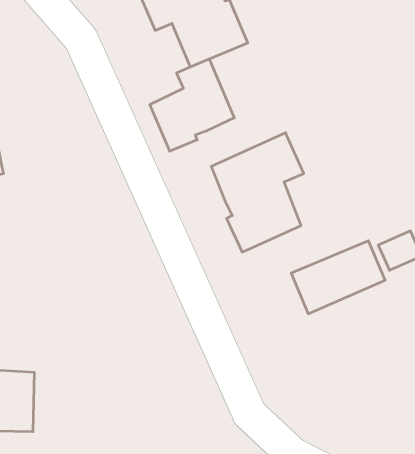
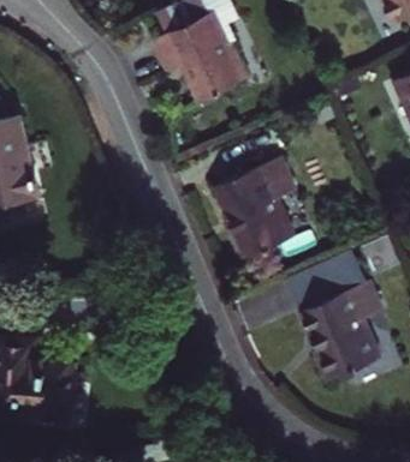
building: [150,59,234,151] -> none
building: none -> [301,286,381,385]

